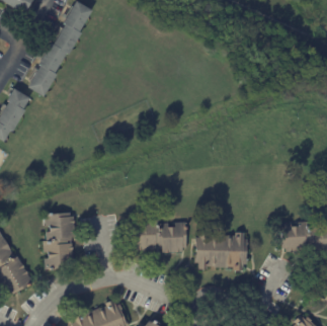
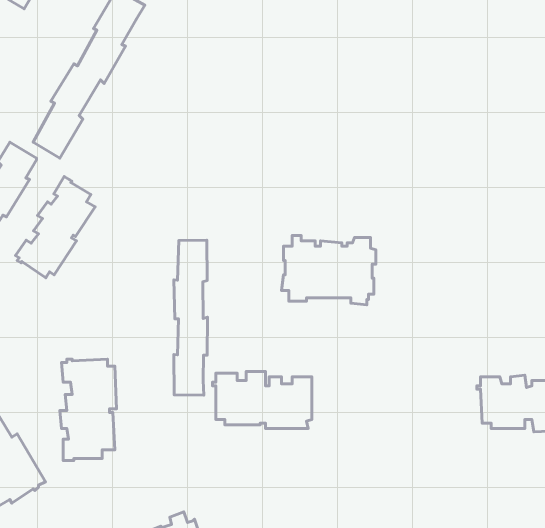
building: none -> [15,177,95,278]
building: none -> [174,240,208,395]
building: [194,231,248,270] -> [282,236,376,305]

